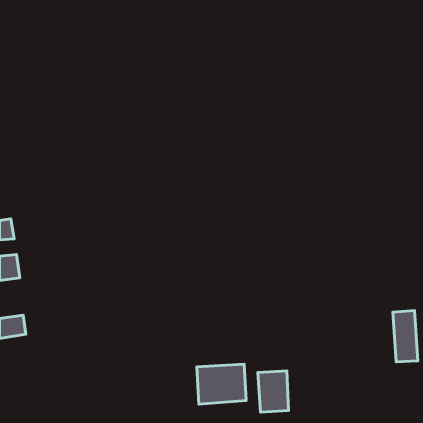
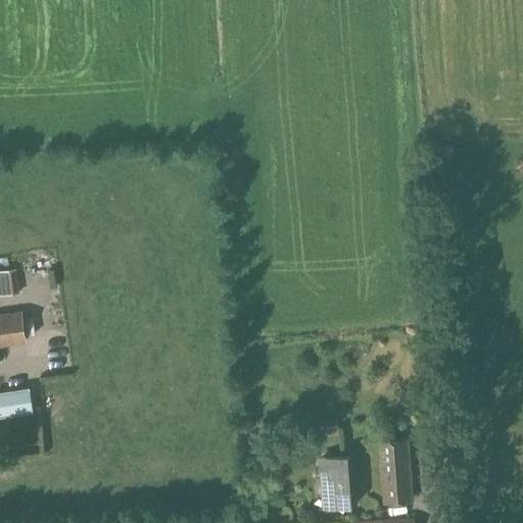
building: [393,310,418,362] -> [381,440,412,504]
building: [197,364,246,404] -> none

